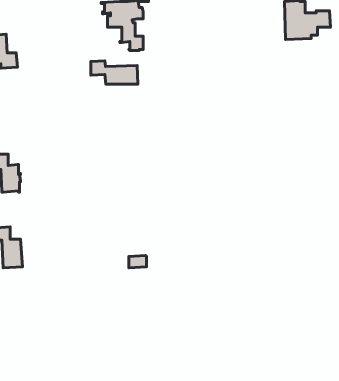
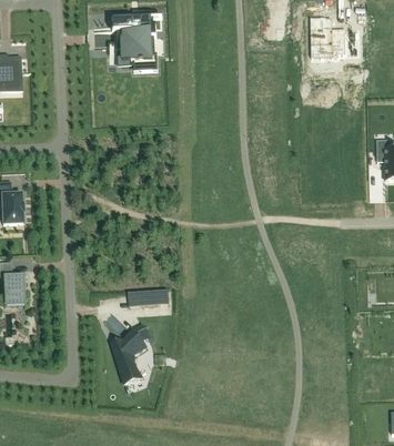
building: [91,61,138,84] -> none
building: none -> [113,325,148,383]

